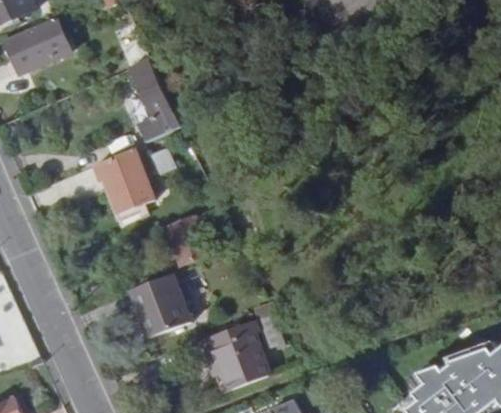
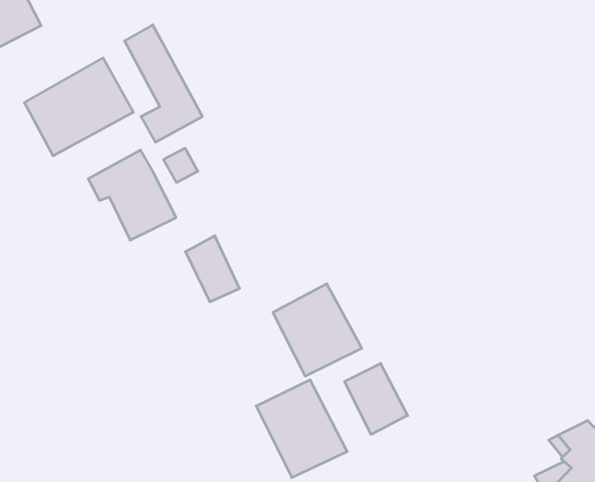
building: none -> [24,58,133,156]
building: [132,268,194,333] -> [273,284,362,376]
building: none -> [345,363,408,434]

